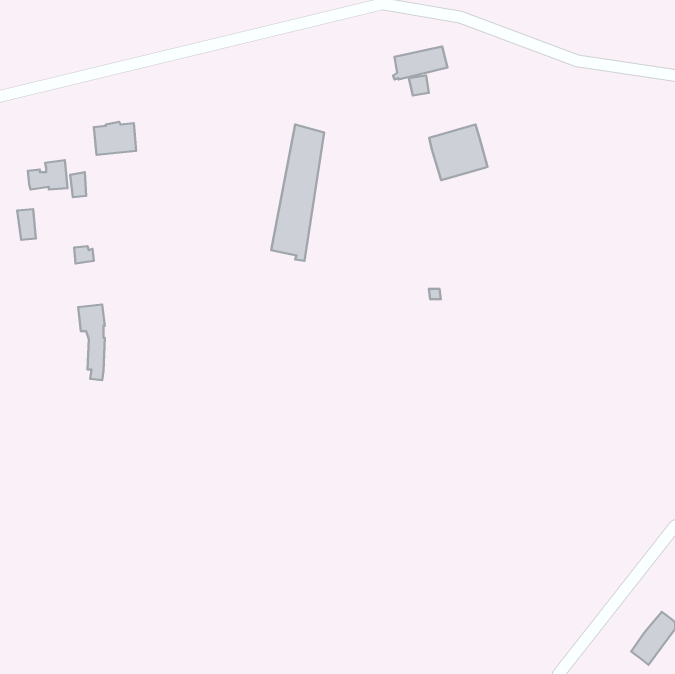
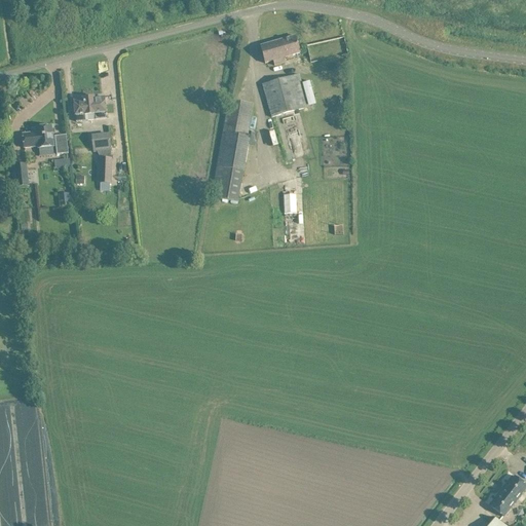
building: none -> [259,34,300,64]
building: [429,124,488,180] -> [262,73,307,116]
building: [78,305,105,380] -> [90,130,111,189]

